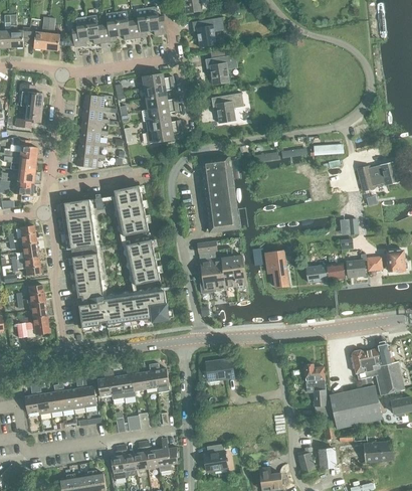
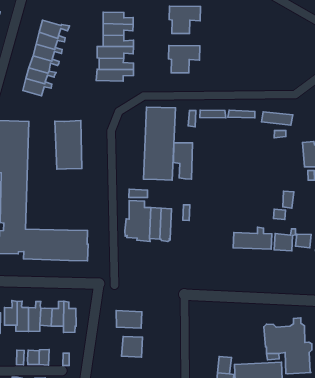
building: [126,239,160,286] -> none
building: [264,251,287,287] -> [174,143,193,179]
building: [304,364,325,390] -> none
building: none -> [121,336,142,357]

